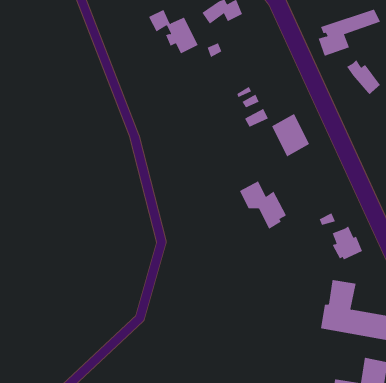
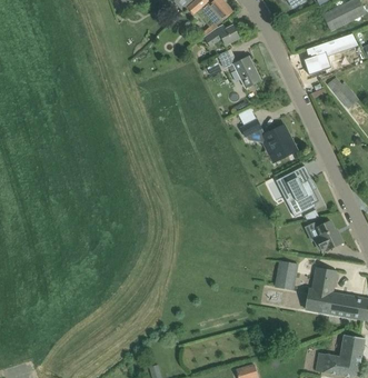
building: [148,9,199,54] -> [218,49,261,88]
building: [239,181,287,230] -> [278,170,319,212]
building: none -> [276,259,297,288]

